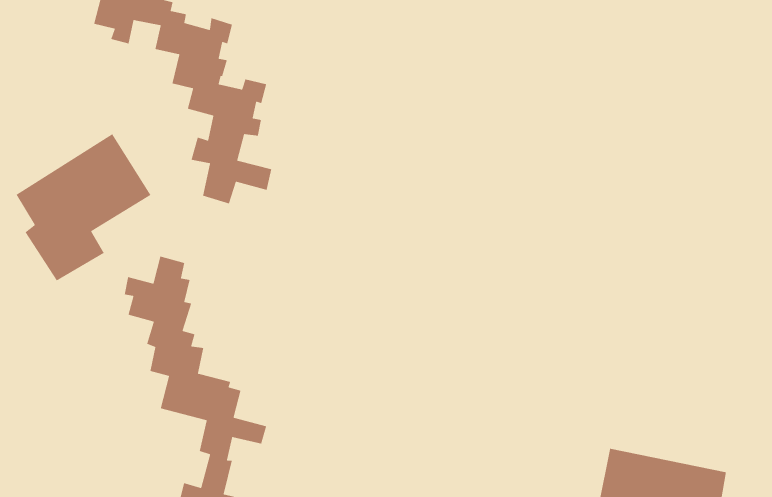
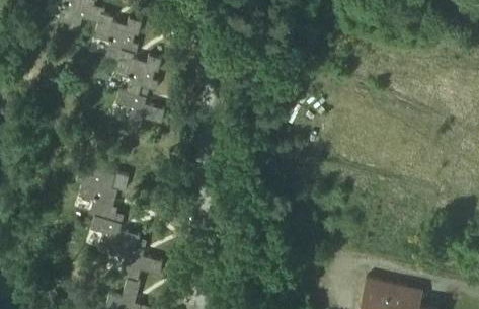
building: [16,133,152,282] -> none

